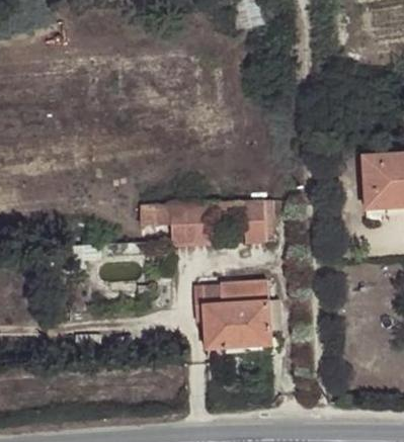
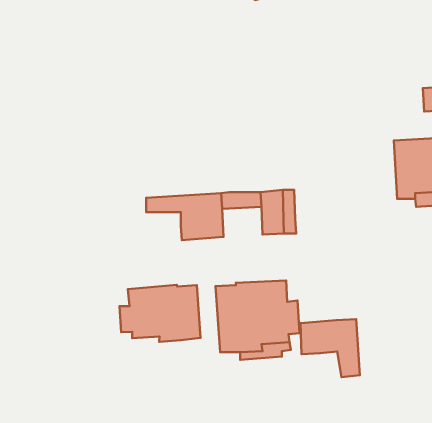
building: none -> [119,285,200,342]
building: none -> [300,319,360,377]

